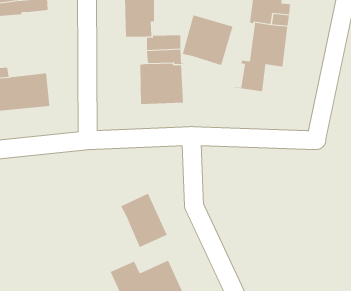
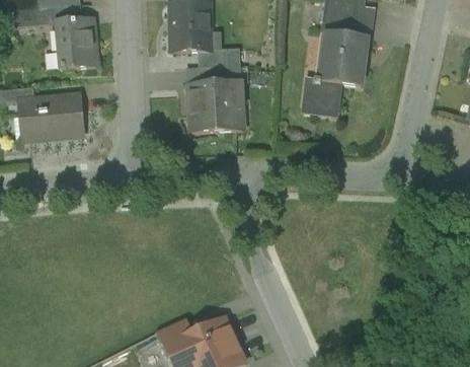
building: none -> [56,16,95,68]
building: [181,14,233,66] -> none
building: [120,193,167,248] -> none

